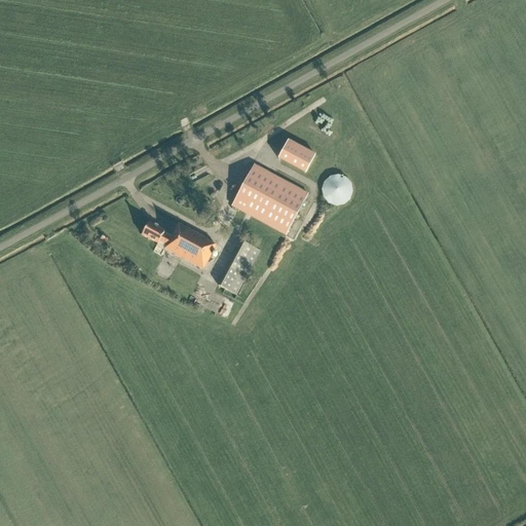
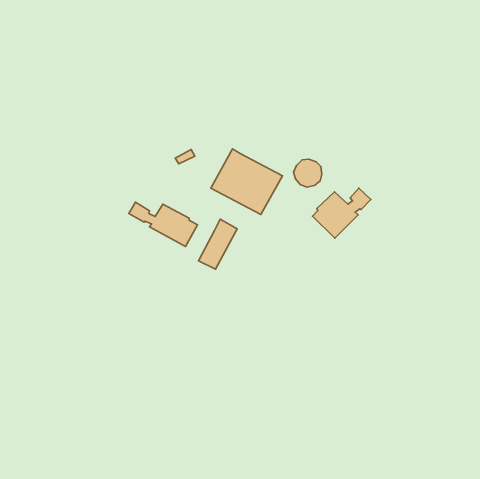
building: [277,139,313,172] -> none
building: none -> [312,188,371,238]

